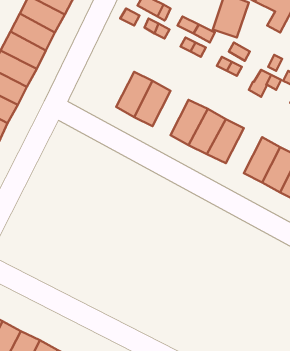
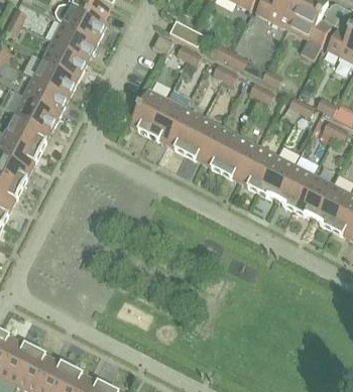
building: none -> [129,88,166,133]
building: none -> [185,117,221,161]
building: none -> [258,154,295,200]

